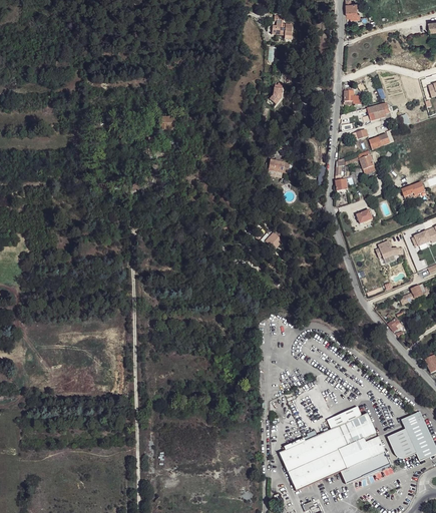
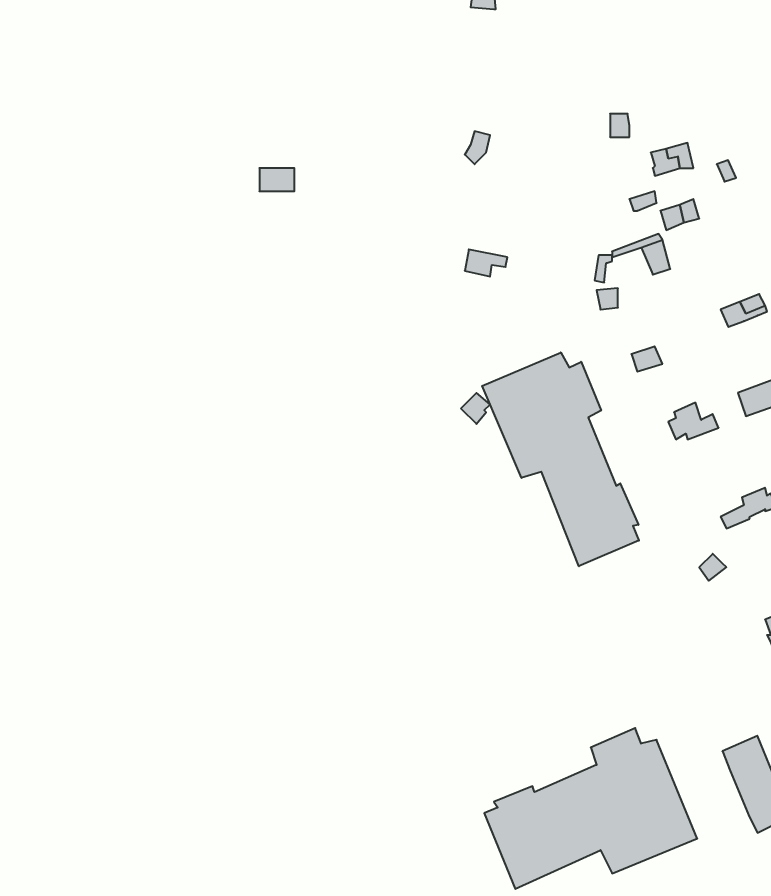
building: none -> [482,352,639,566]
building: [387,429,416,457] -> none

